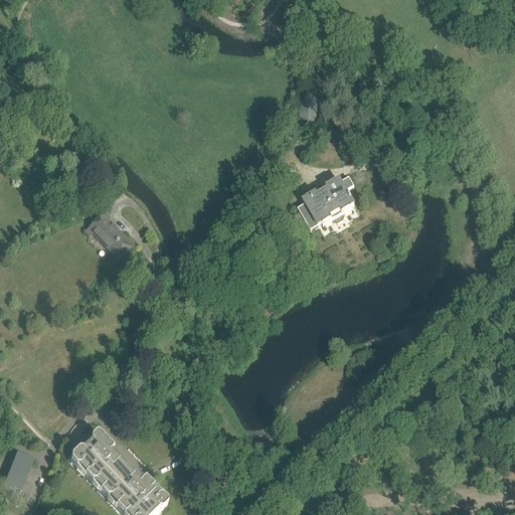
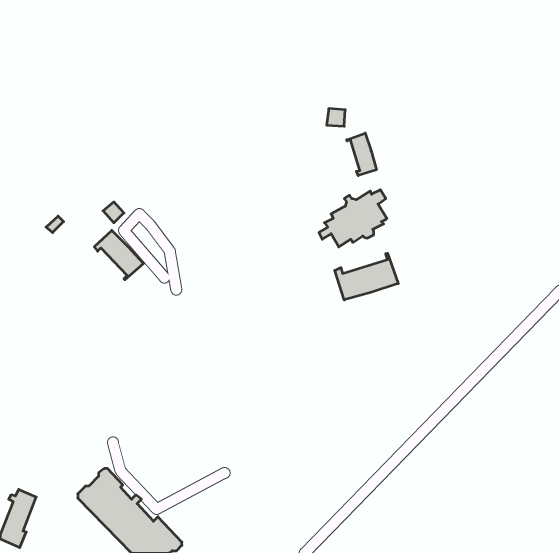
building: none -> [347,133,376,176]
building: none -> [335,253,398,300]

